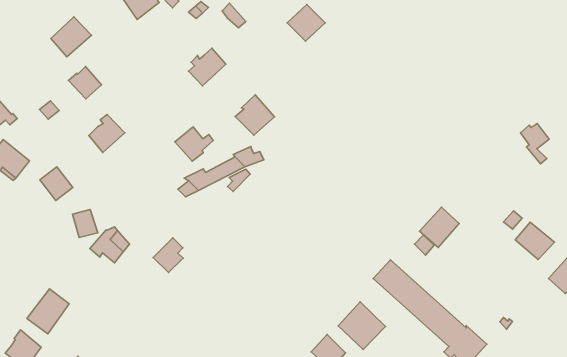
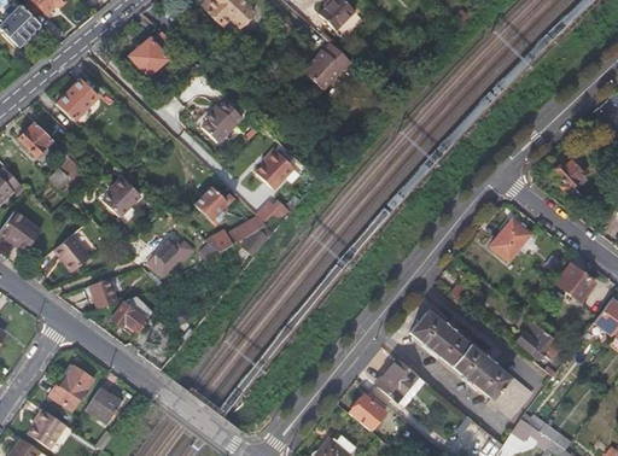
building: [68,67,102,99] -> [18,122,53,156]
building: [419,207,459,247] -> [489,218,530,261]
building: [153,238,183,272] -> [148,239,180,275]
building: none -> [517,322,561,359]
building: none -> [84,385,124,423]

